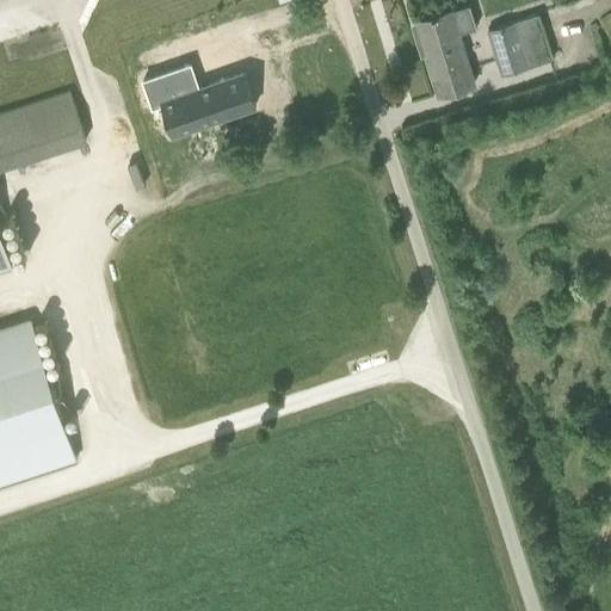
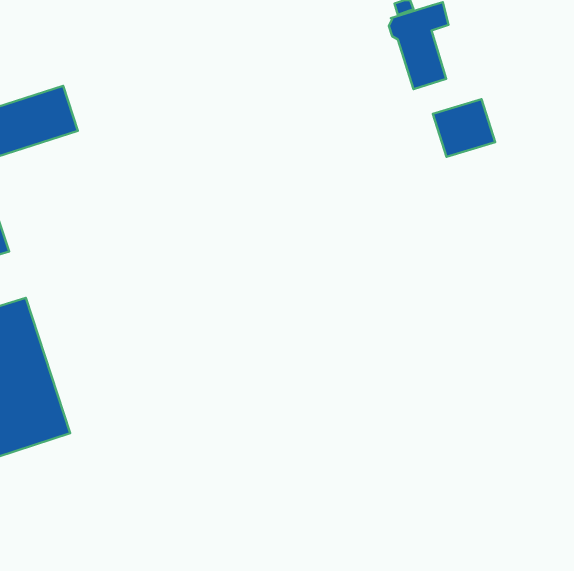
building: [485,19,550,80] -> [433,99,495,157]
building: [156,66,257,132] -> none

